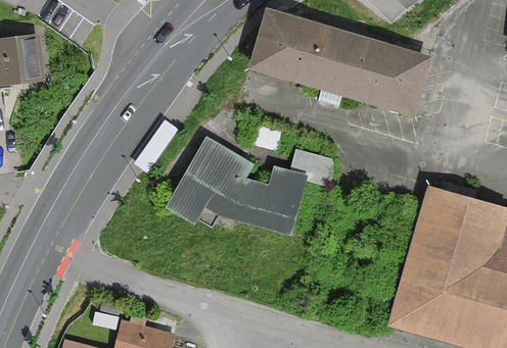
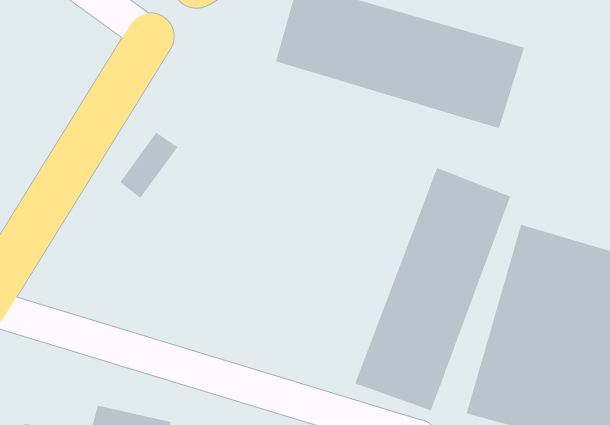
building: [166,136,308,236] -> none
building: none -> [355,167,511,411]

